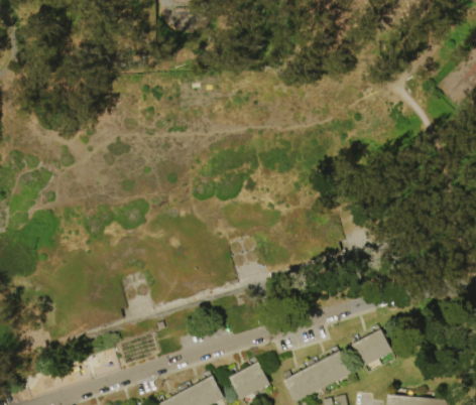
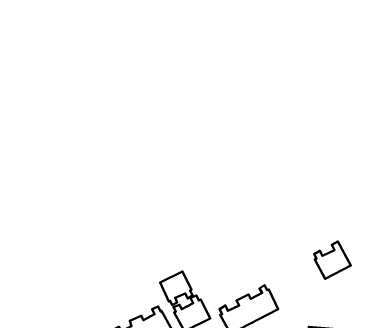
building: [348,324,391,369] -> [314,241,351,279]
building: none -> [160,271,193,305]

